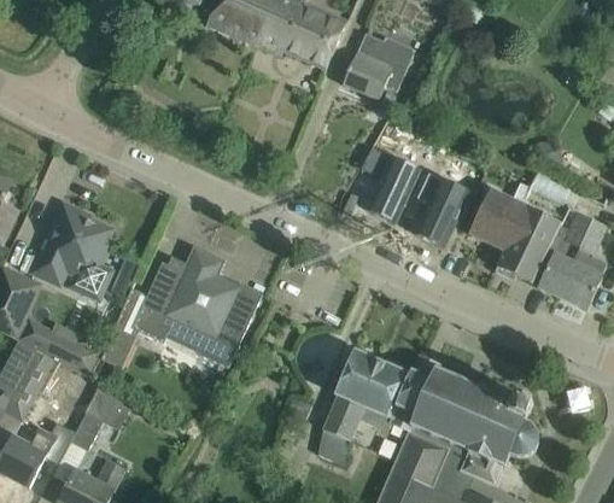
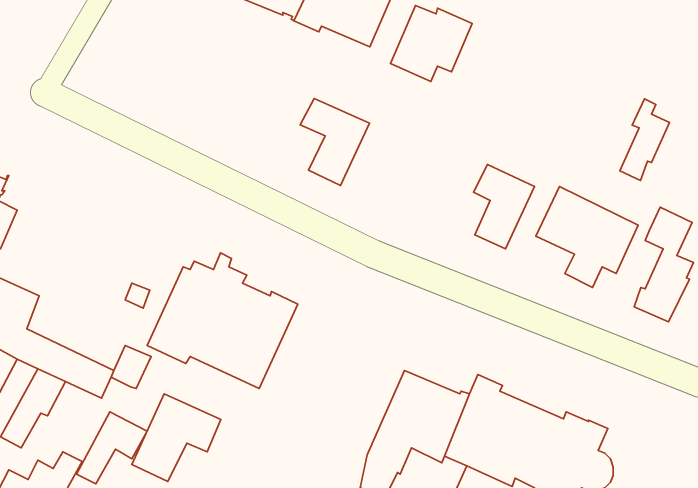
building: [358,146,419,222] -> [300,98,369,185]
building: [33,207,107,297] -> none
building: [537,224,580,296] -> [620,99,670,181]
building: none -> [132,394,221,481]

